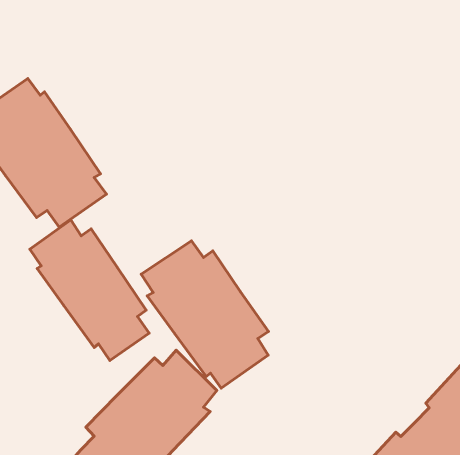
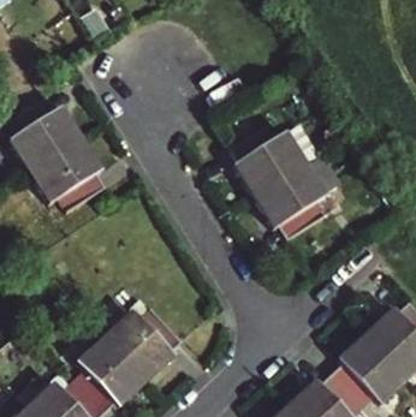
building: [30,220,149,361] -> none
building: [141,241,268,388] -> [230,126,323,239]

